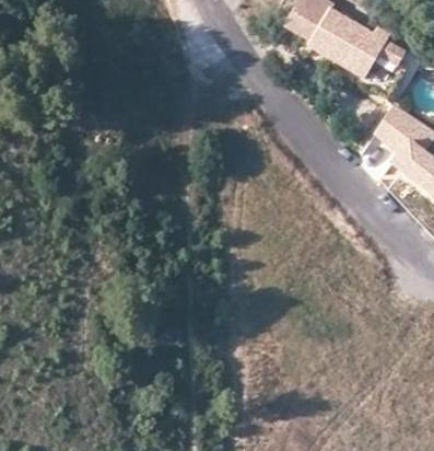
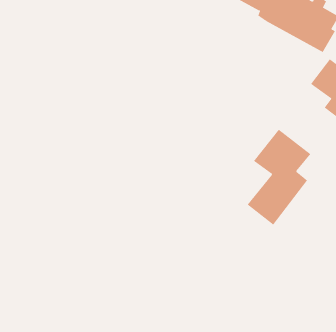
building: none -> [247,129,311,225]

